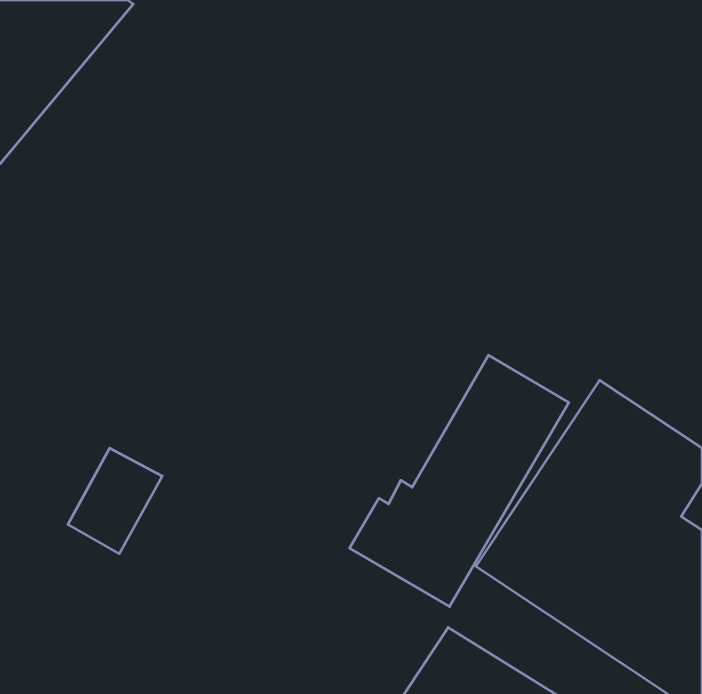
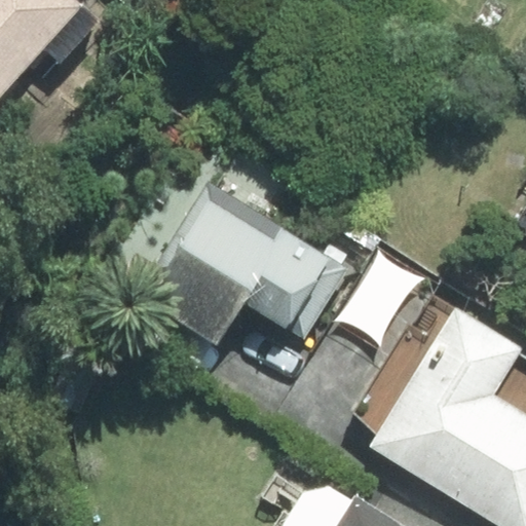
building: none -> [145,185,352,354]

